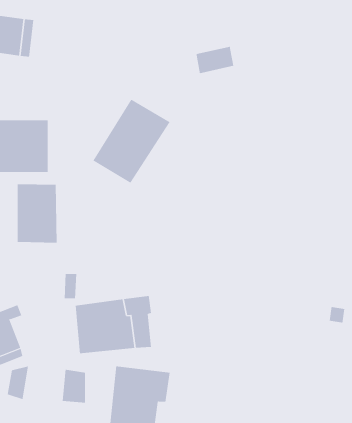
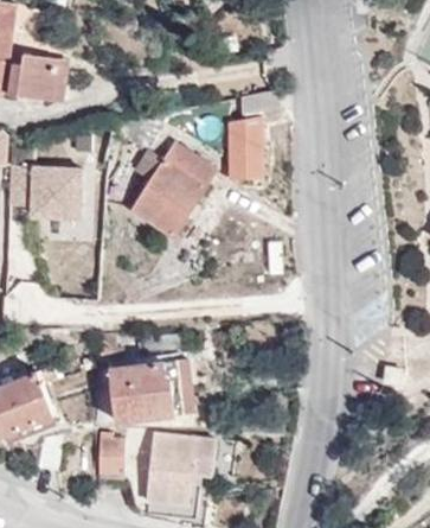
building: none -> [225,120,262,182]
building: [17,183,57,244] -> none

